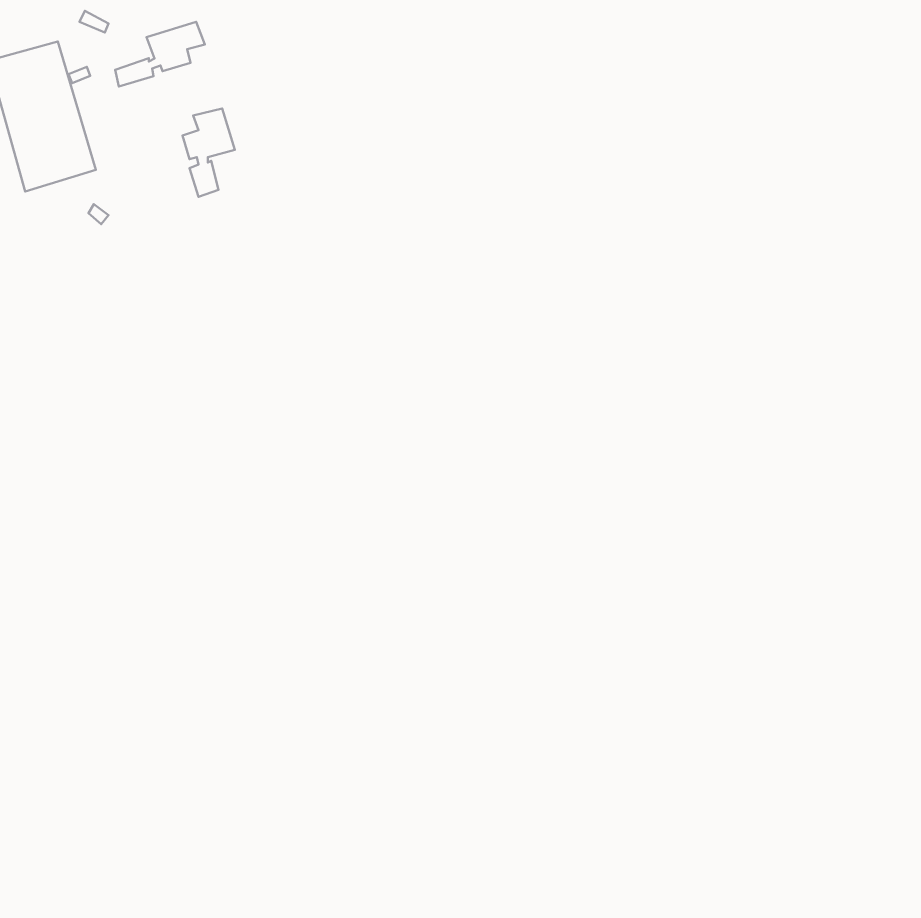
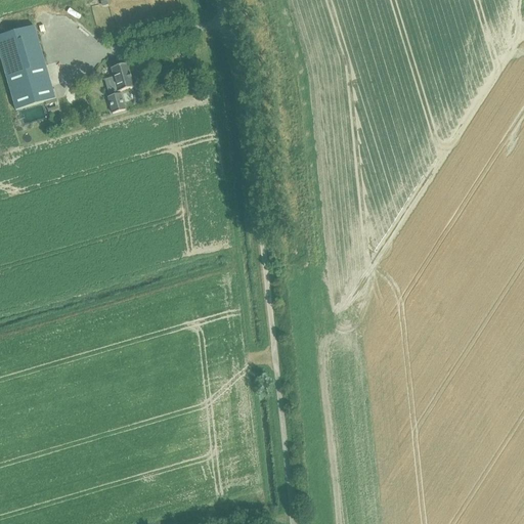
building: [115,22,205,87] -> none

